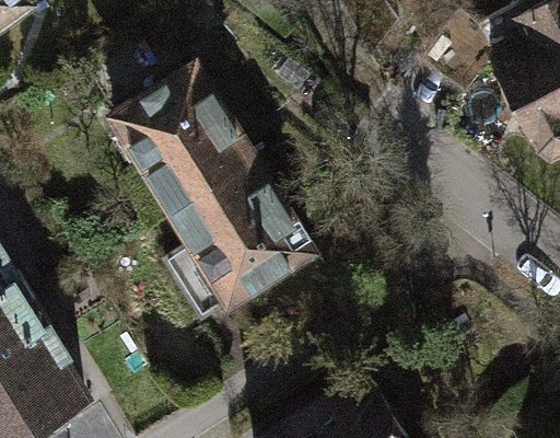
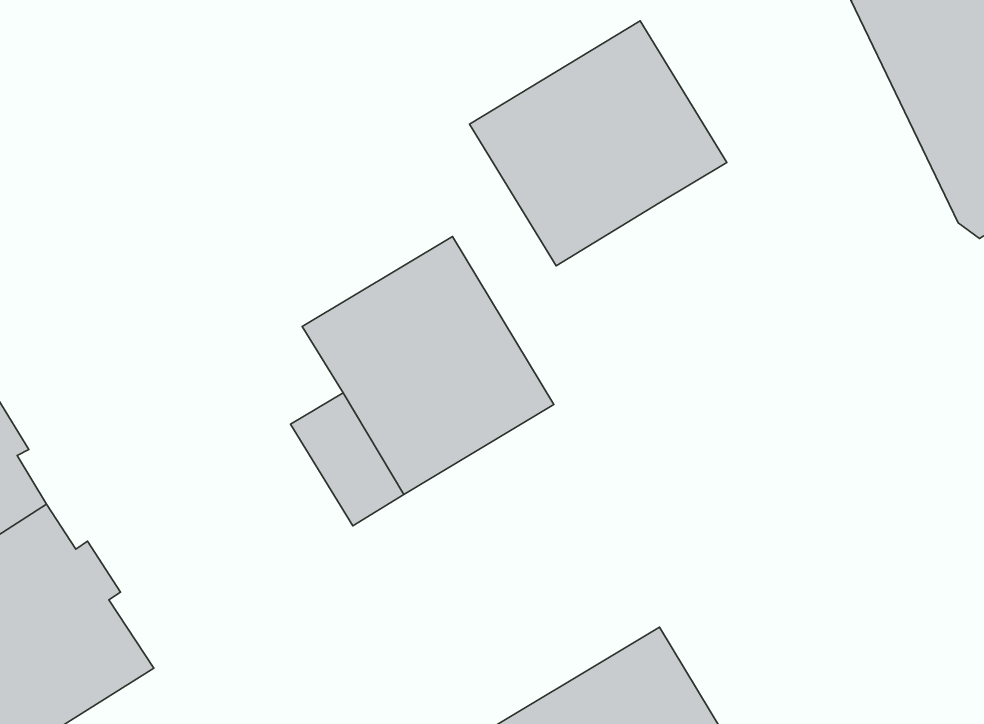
building: none -> [470,21,727,266]
building: [113,69,255,214] -> none

